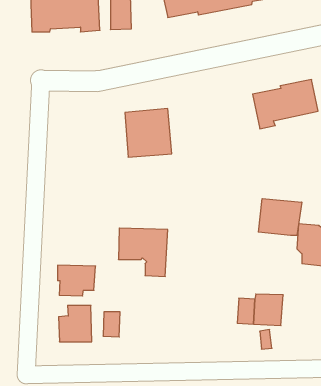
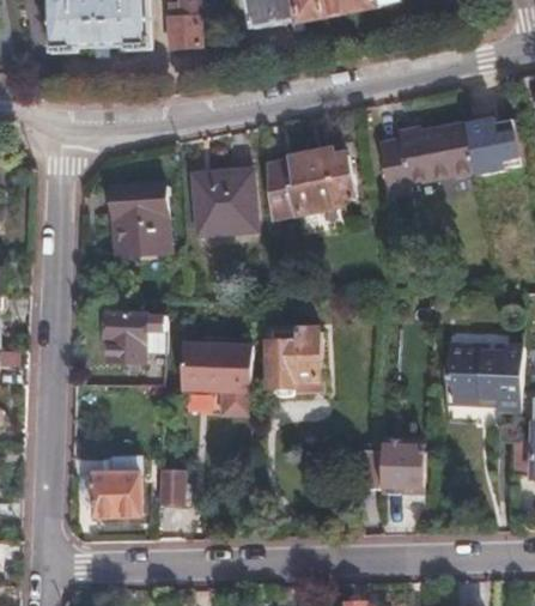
building: none -> [265,151,354,235]
building: none -> [111,184,166,257]
building: [258,199,302,235] -> none
building: none -> [269,331,320,394]
building: [58,265,96,296] -> [107,313,163,358]

